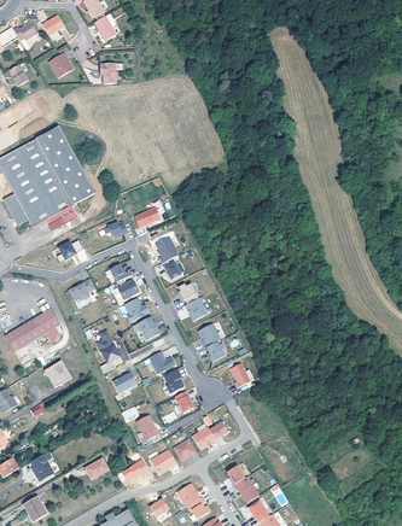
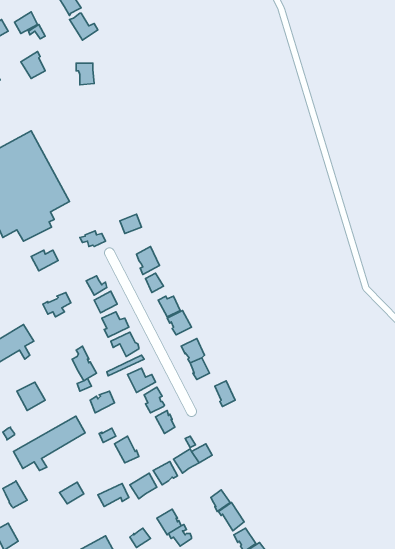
building: none -> [13,416,85,471]

